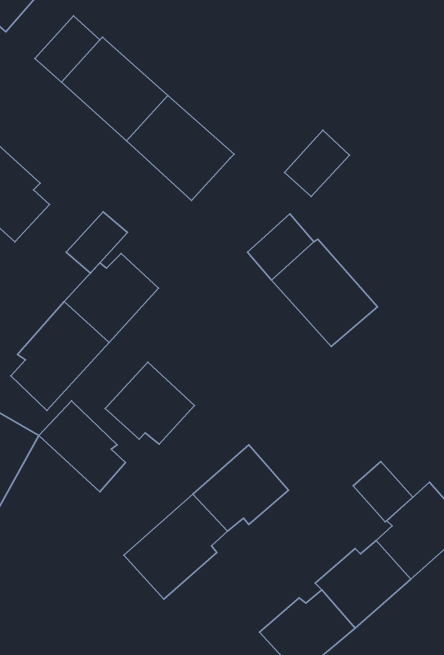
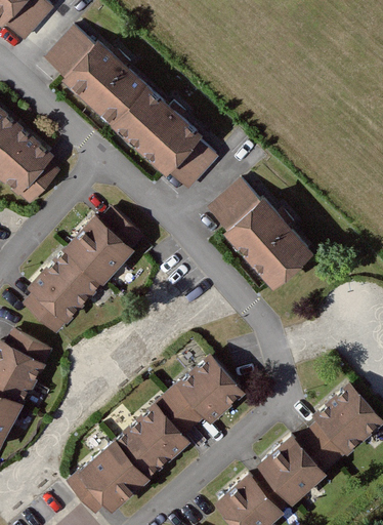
building: [284,130,350,196] -> [166,136,216,188]
building: [66,212,127,273] -> none
building: [105,362,194,444] -> none
building: [39,401,125,492] -> none
building: [353,461,413,522] -> none
building: none -> [69,443,144,512]

